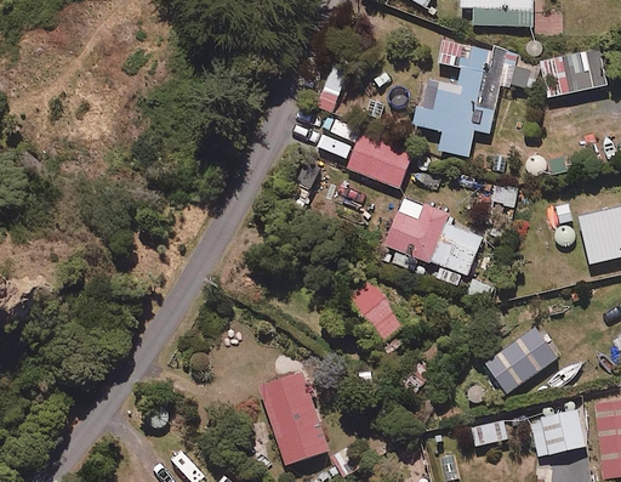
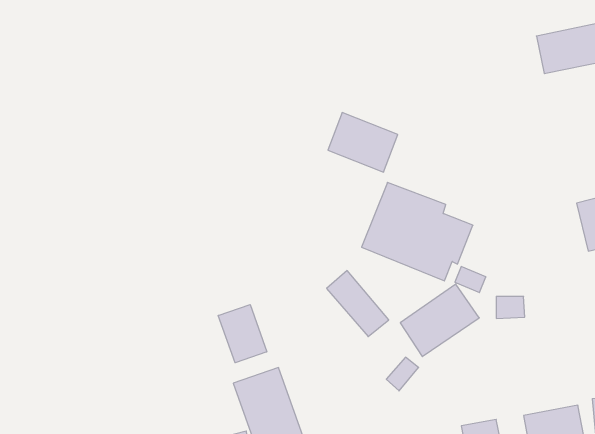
building: [412,40,539,155] -> none
building: none -> [218,305,267,363]
building: [485,324,559,392] -> [400,284,479,357]

